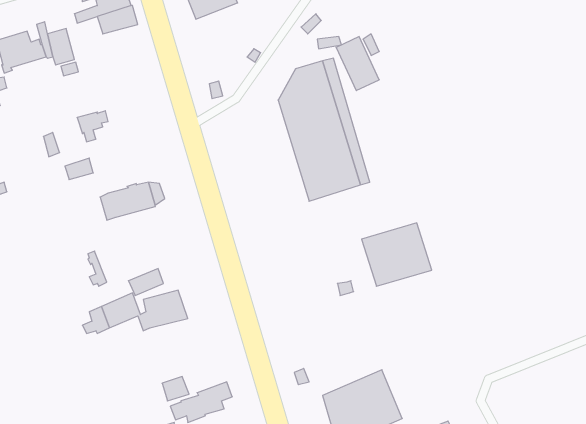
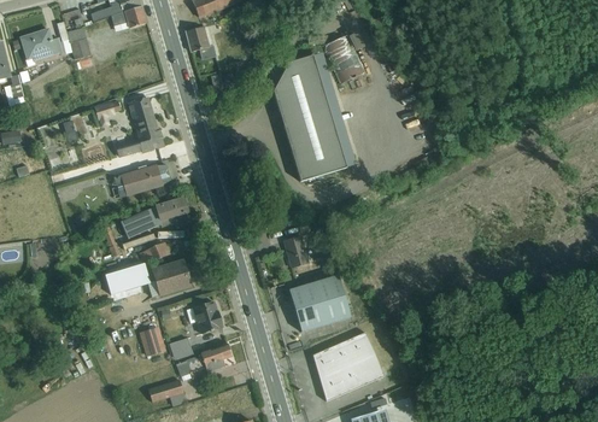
building: none -> [186,25,219,59]
building: none -> [113,96,164,157]
building: none -> [121,198,192,239]
building: [362,223,432,286] -> [288,275,351,332]
building: none -> [283,235,309,268]
building: none -> [192,301,222,334]
building: none -> [139,326,165,356]

